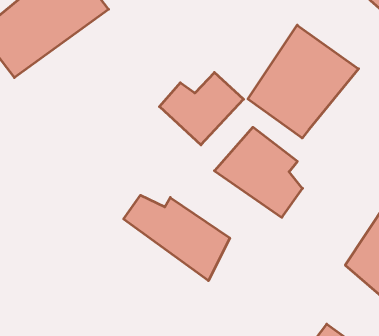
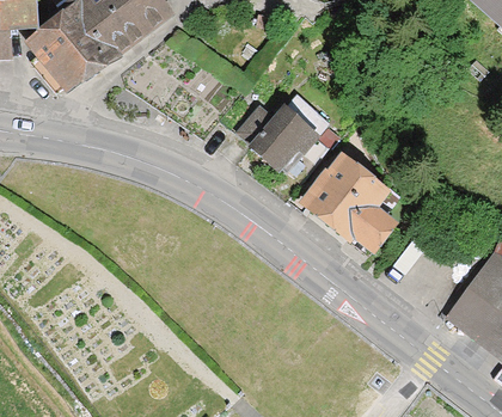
building: [248,25,359,138] -> none
building: [124,195,230,281] -> none

